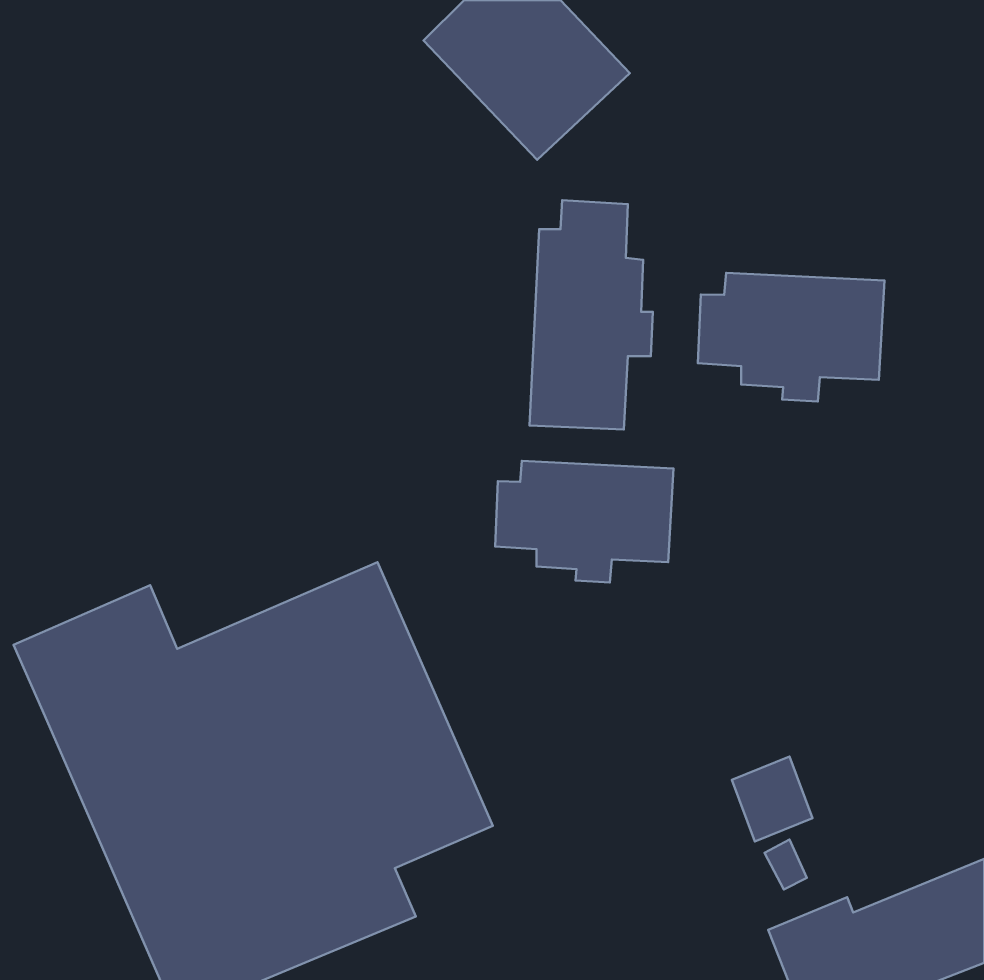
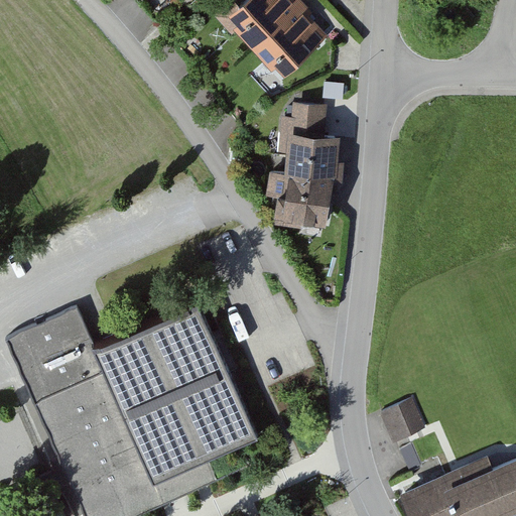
building: [698,273,884,401] -> none
building: [495,461,673,582] -> none

